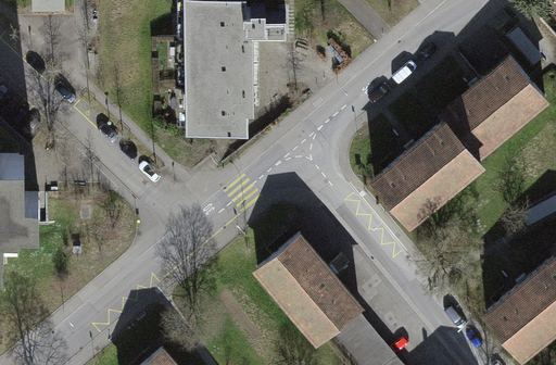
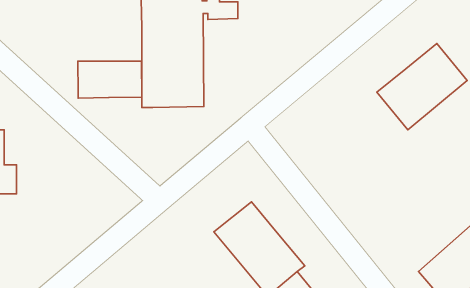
building: none -> [78,61,142,98]
building: [372,123,482,226] -> none

